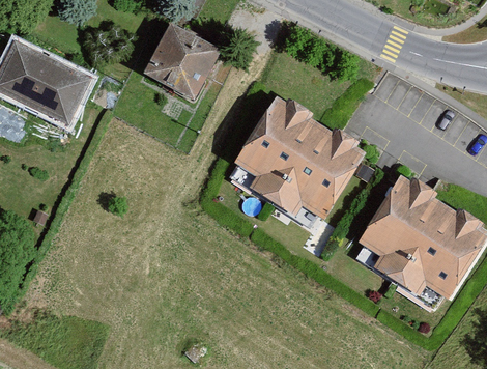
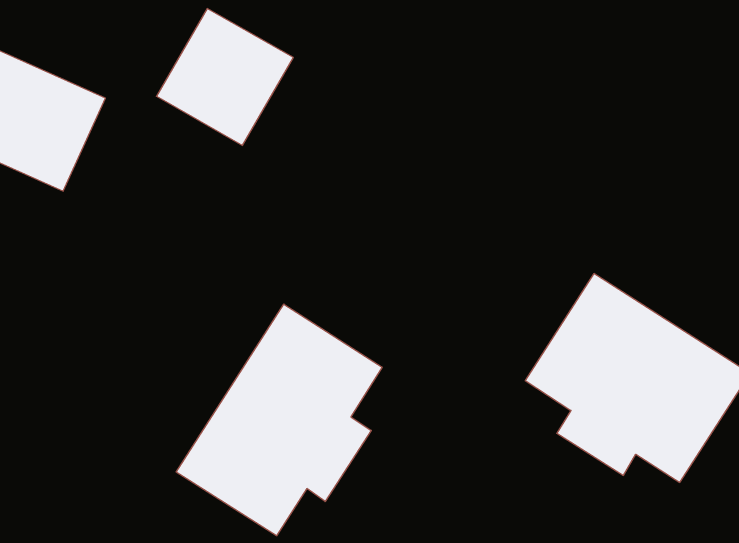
building: [230,92,364,217] -> none
building: none -> [176,304,382,536]

